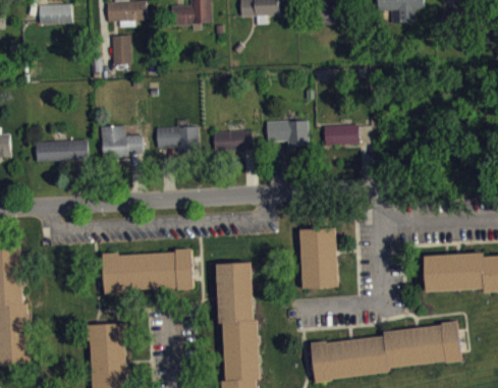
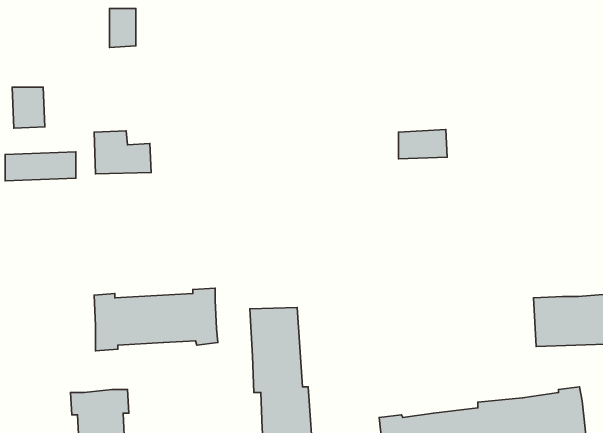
building: none -> [12,87,45,128]
building: [267,125,309,153] -> none
building: [156,131,199,159] -> none
building: [213,136,253,156] -> none
building: [297,225,336,285] -> none

